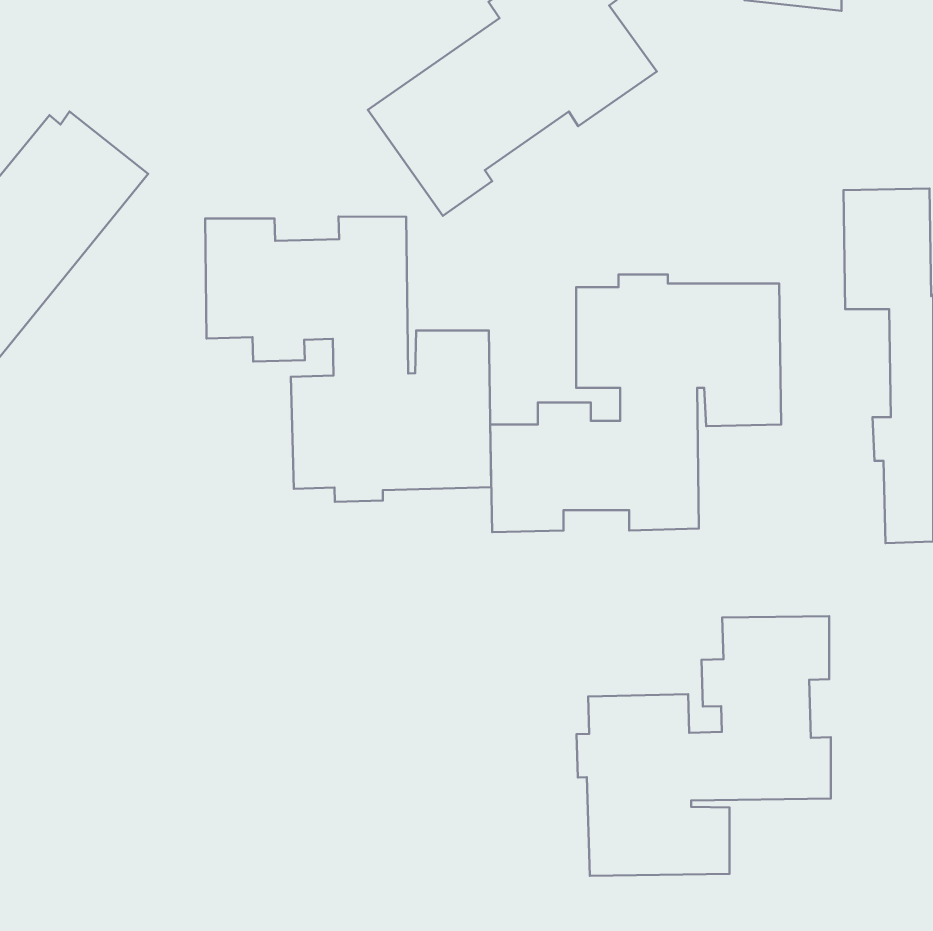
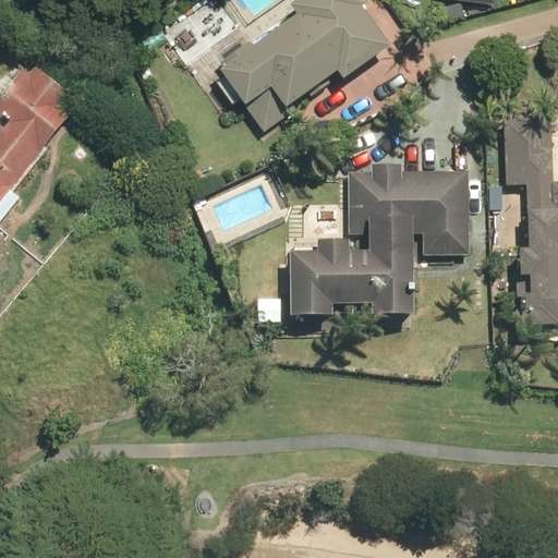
building: [205,217,491,502] -> none
building: [577,616,831,876] -> none

